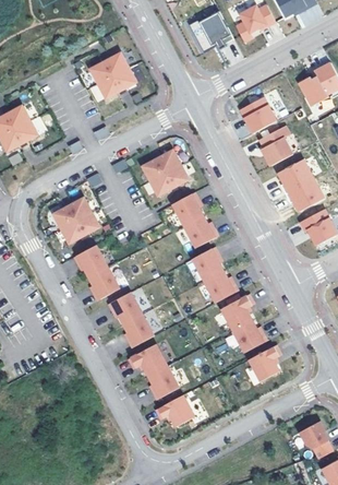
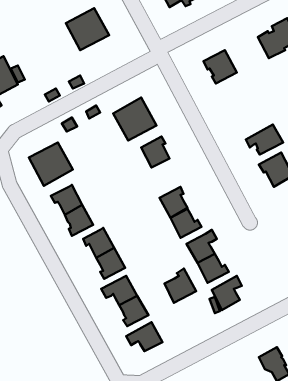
building: [258,126,291,166] -> none
building: [279,158,314,194] -> none
building: [182,215,217,247] -> none
building: none -> [164,269,196,303]

